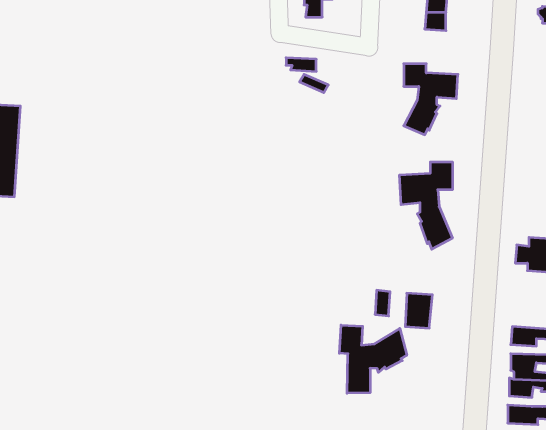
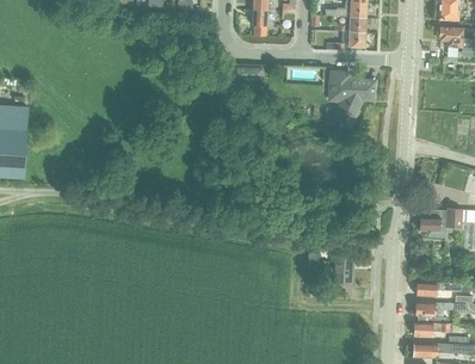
building: [400,162,452,249] -> none
building: [339,325,407,393] -> none

